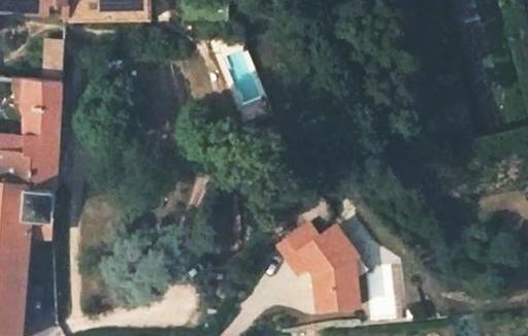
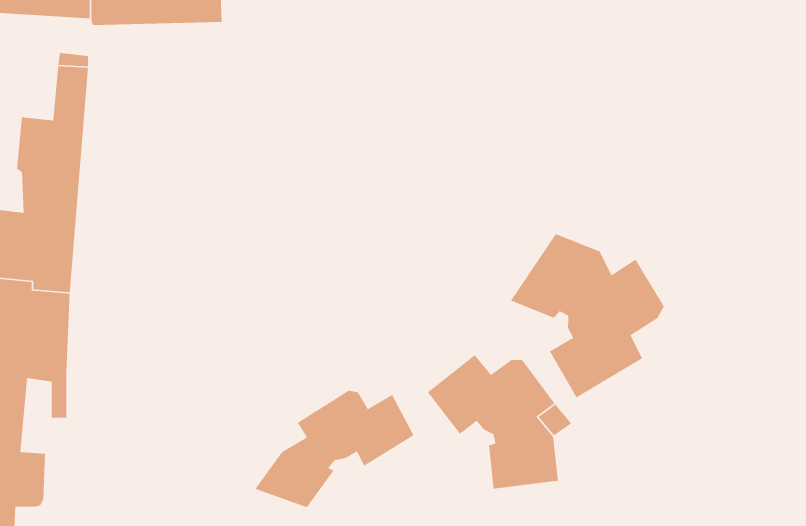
building: none -> [510,233,665,399]
building: none -> [254,390,415,508]

